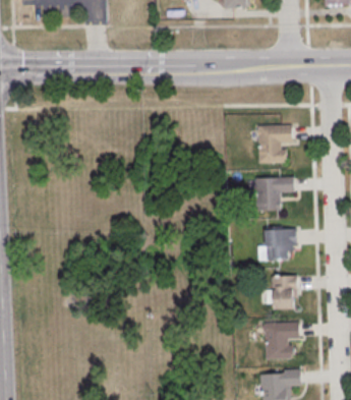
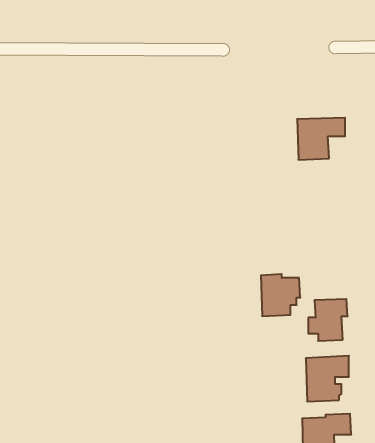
building: [254,177,294,211] -> none
building: [264,226,296,261] -> [261,274,300,316]

